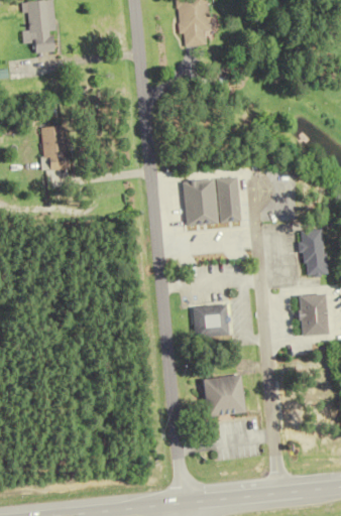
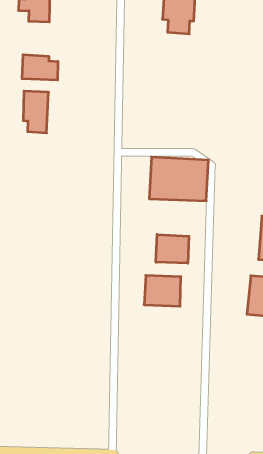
building: none -> [22,55,58,80]
building: none -> [156,234,189,263]
building: [201,376,247,416] -> none

